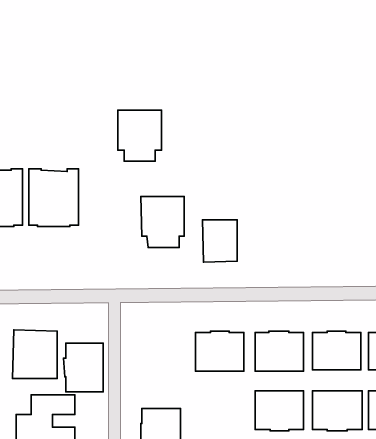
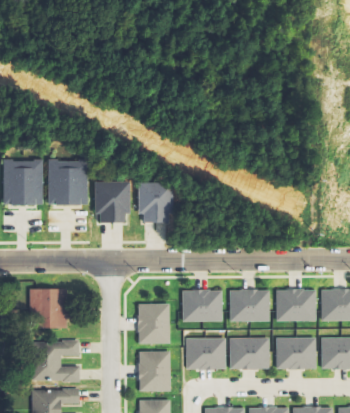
building: [118,110,162,161] -> [94,181,129,222]
building: [202,220,237,262] -> none
building: [63,343,103,392] -> [136,304,168,343]
building: none -> [185,338,225,369]

